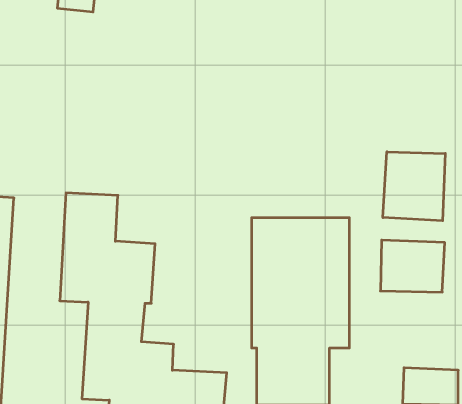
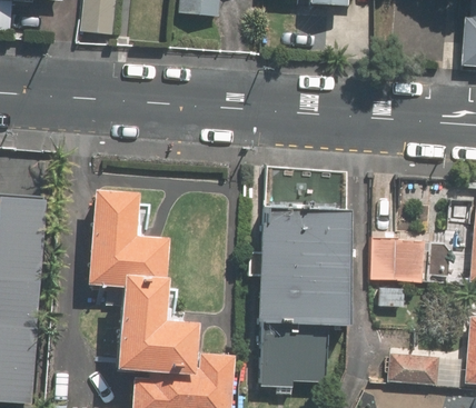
building: [383,152,445,221] -> none

